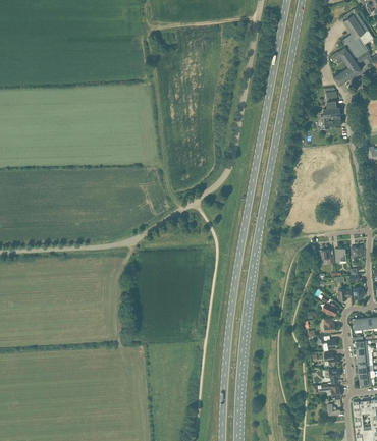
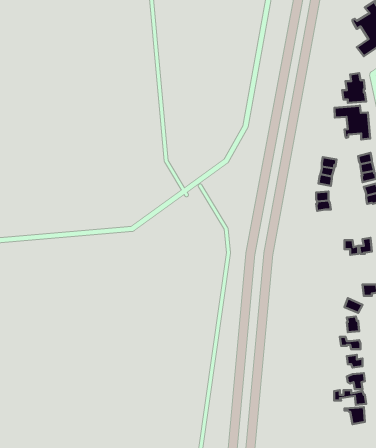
building: none -> [334,105,370,139]

